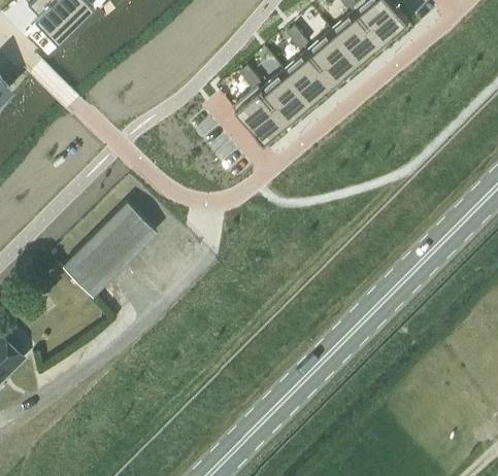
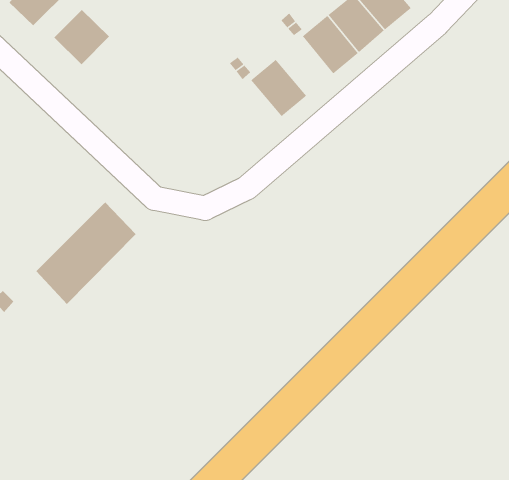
building: none -> [53,9,110,65]
building: [284,49,336,104] -> none
building: [235,90,289,145] -> none

